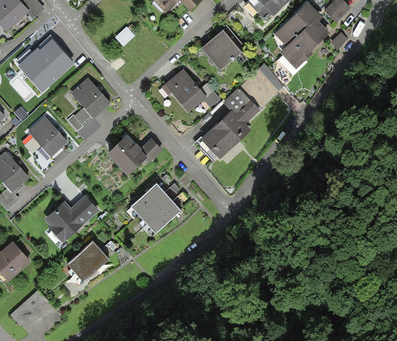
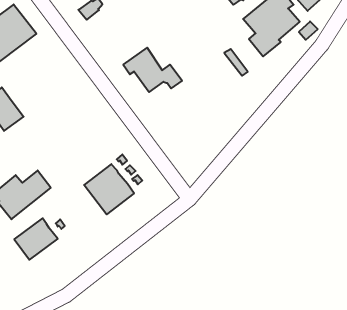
building: [201,31,240,70] -> none
building: [67,77,110,130] -> none
building: [196,88,259,159] -> none
building: [107,136,163,177] -> none

